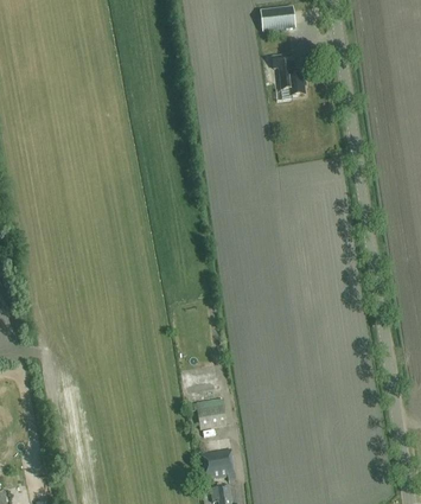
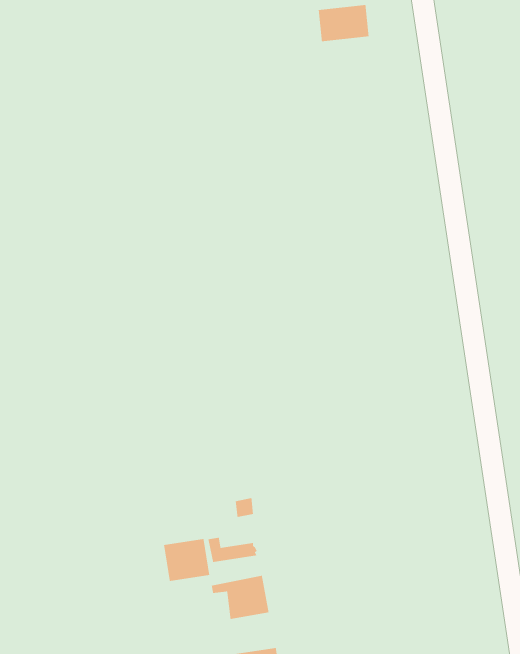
building: [270,53,302,95] -> none
building: none -> [163,538,210,582]

